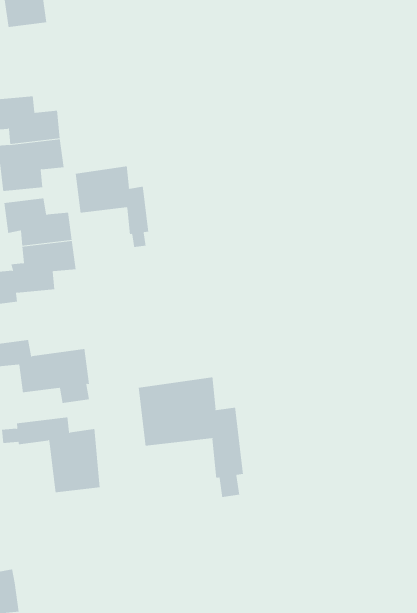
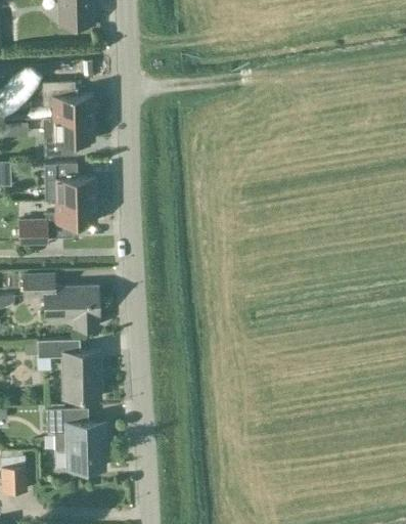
building: [75,165,149,248] -> none
building: [138,376,243,498] -> none
building: none -> [45,408,104,470]

